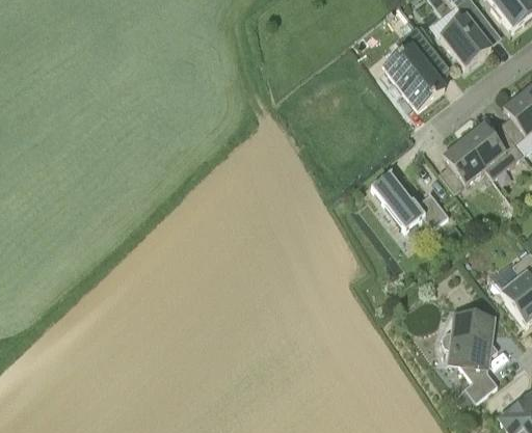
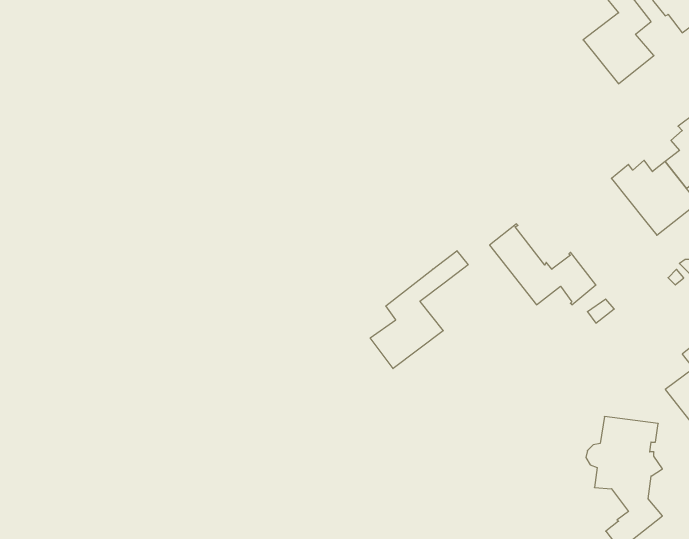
building: [383,26,448,109] -> none
building: [437,137,484,192] -> none
building: none -> [370,251,468,369]

